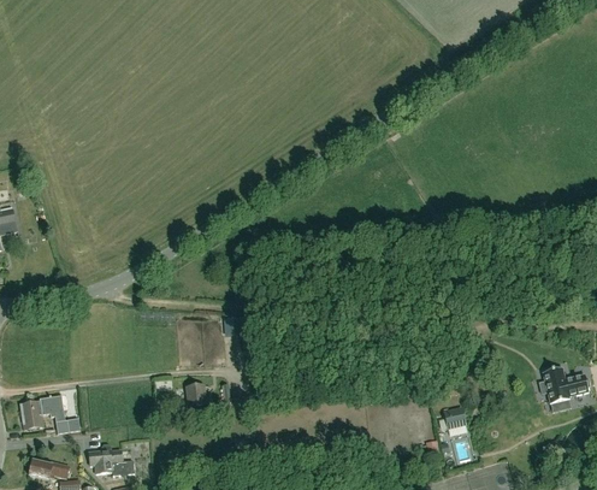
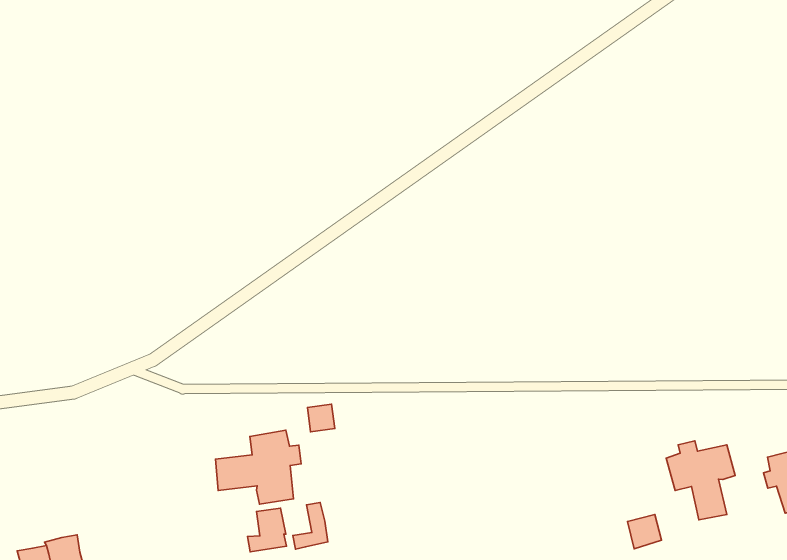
building: none -> [215,430,301,504]
building: none -> [666,441,735,520]

